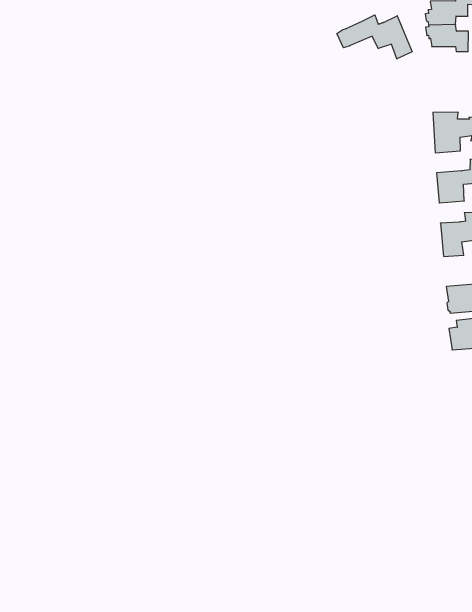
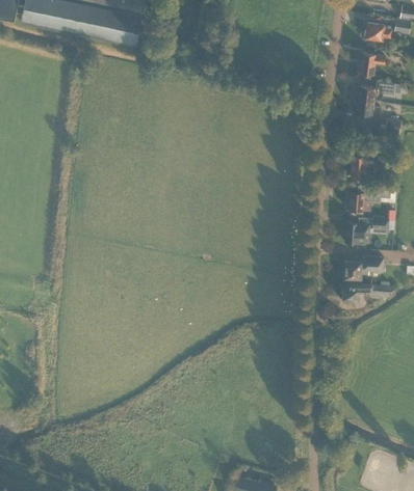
building: [337,15,412,59] -> none

